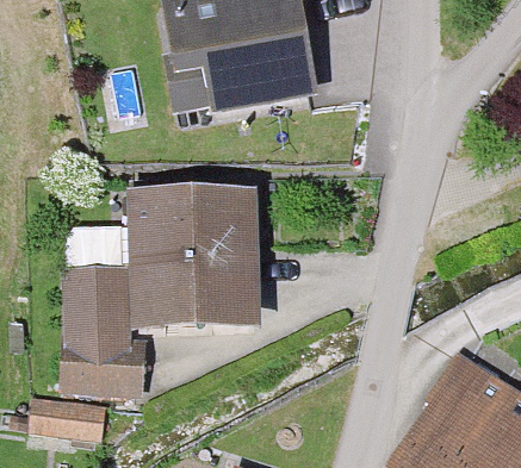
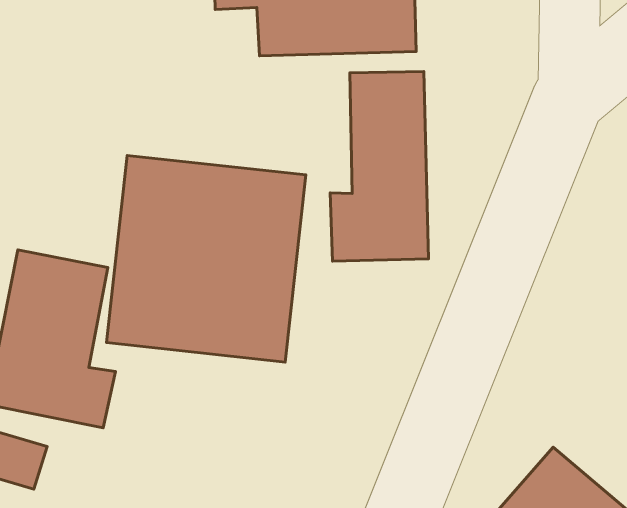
building: none -> [330,72,428,261]

